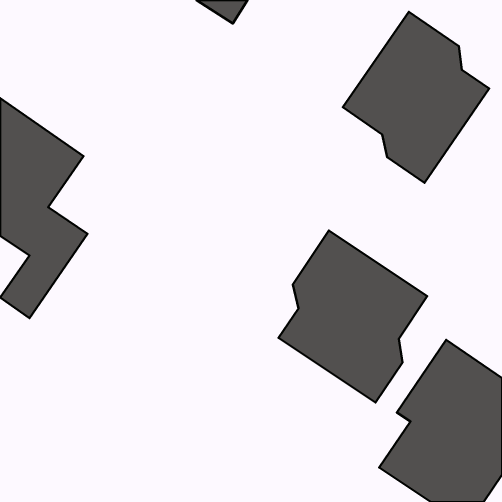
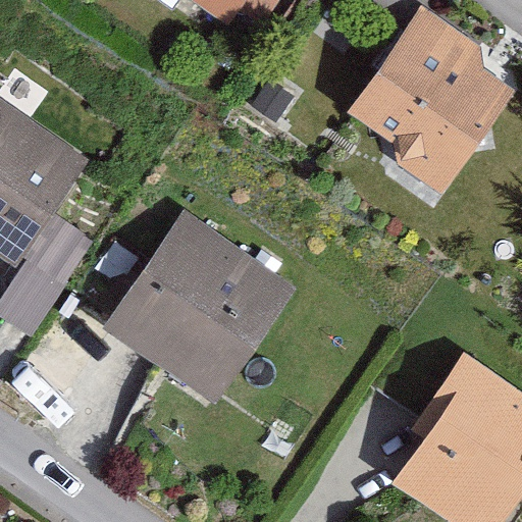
building: none -> [105,211,299,404]
building: [279,231,427,403] -> none

